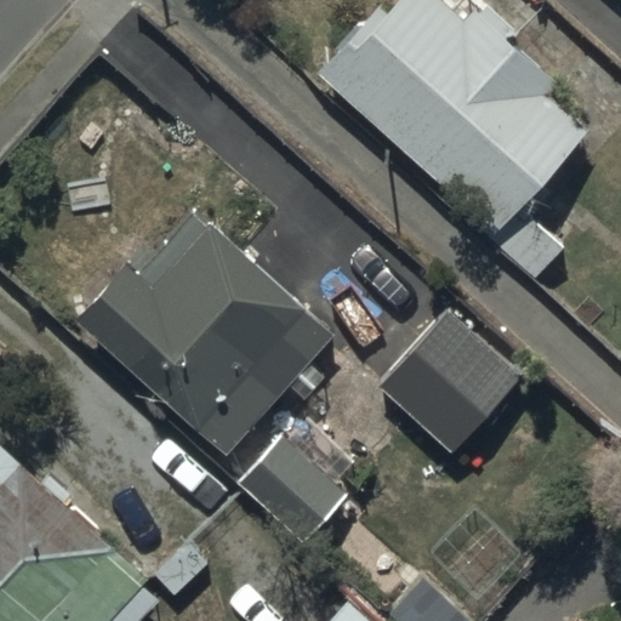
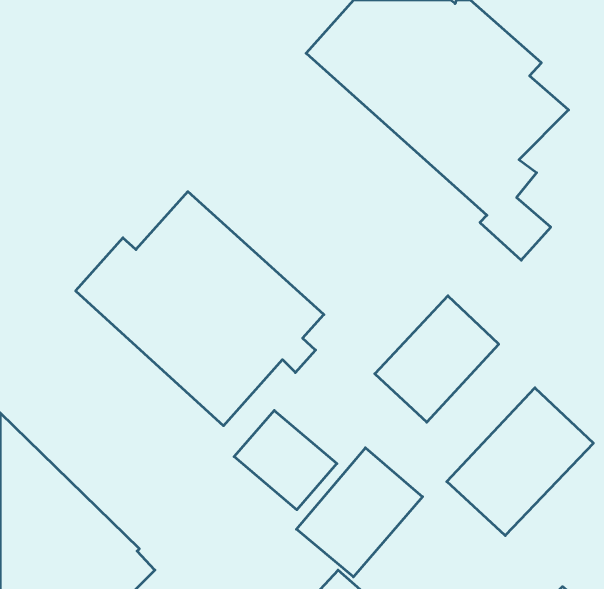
building: none -> [447,388,593,536]
building: none -> [296,448,423,577]

